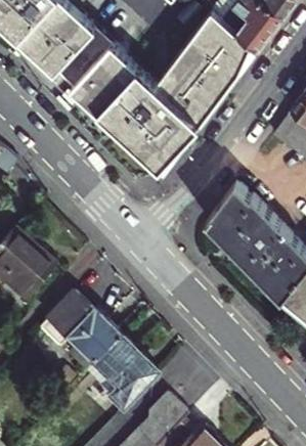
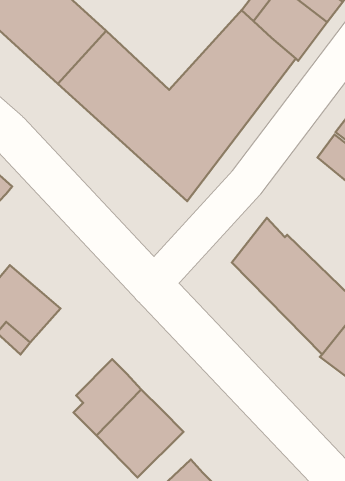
building: [39,287,100,348] -> none

